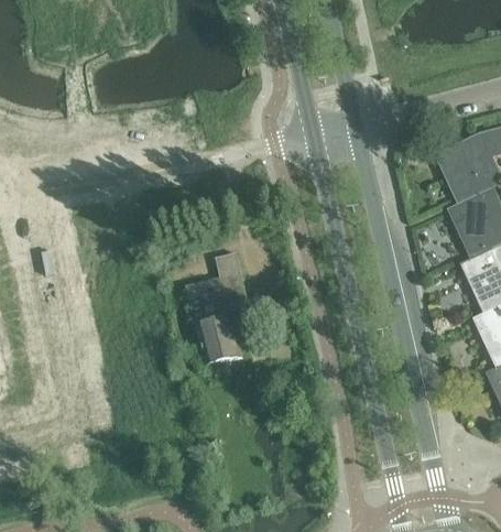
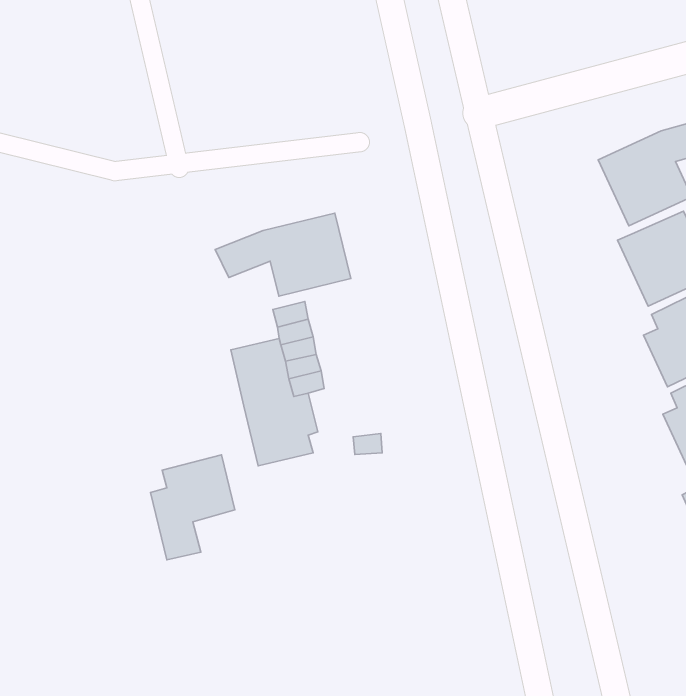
building: none -> [215,213,351,296]
building: none -> [150,455,235,560]

